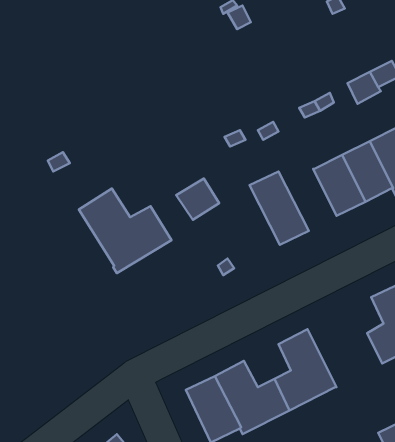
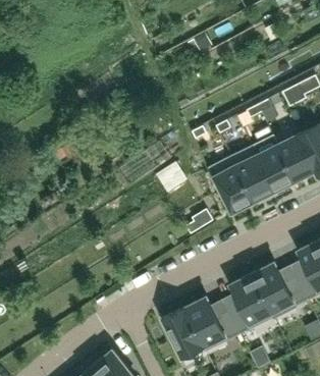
building: none -> [230,146,273,201]
building: [79,188,171,273] -> none
building: none -> [252,262,307,318]

